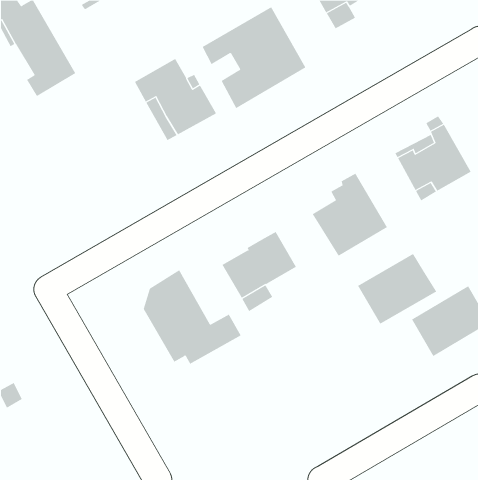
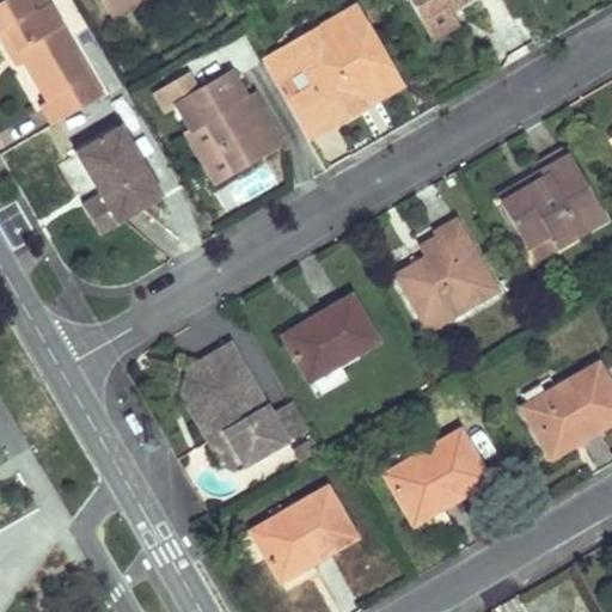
building: none -> [88,128,160,227]
building: [357,253,437,324] -> [387,430,489,521]
building: none -> [252,488,355,580]

